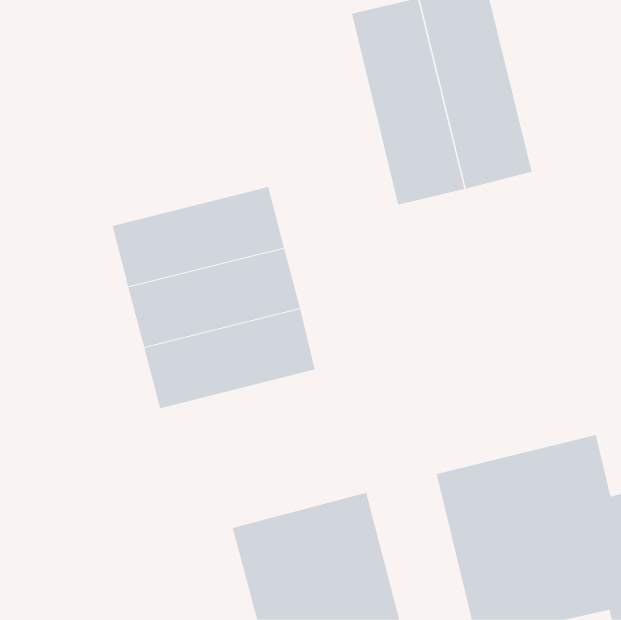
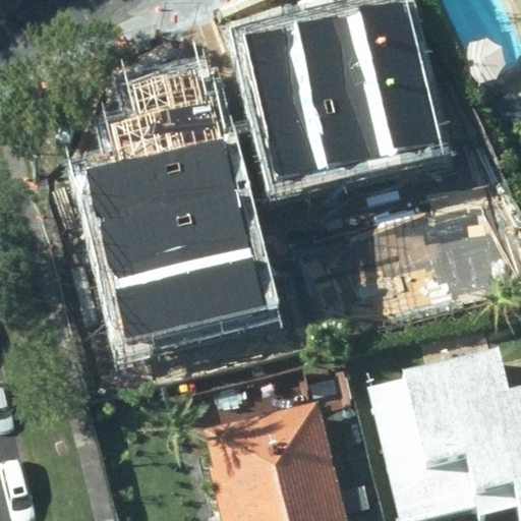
building: none -> [240,11,335,184]
building: none -> [84,78,228,187]

